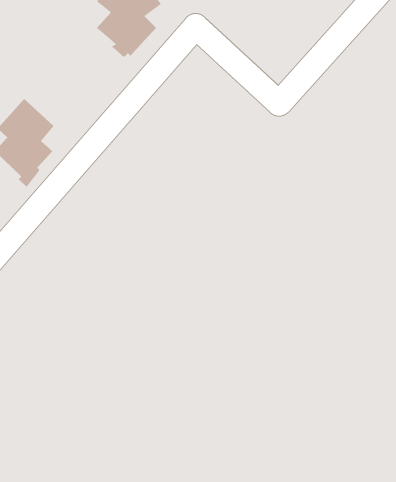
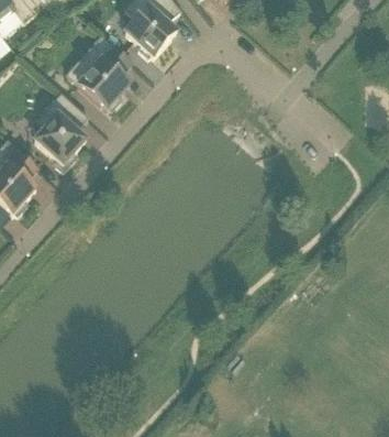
building: none -> [66,33,131,108]

